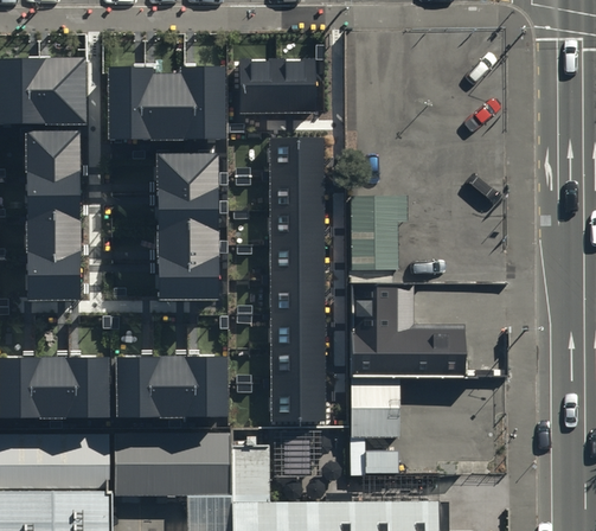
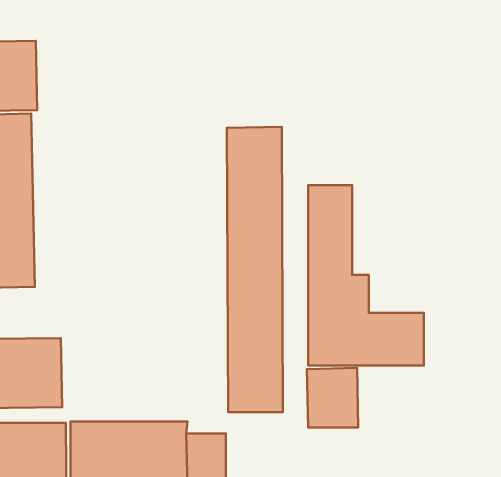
building: [241,62,316,115] -> none
building: [109,63,219,143] -> none
building: [153,160,216,300] -> none
building: [113,350,222,421] -> none

